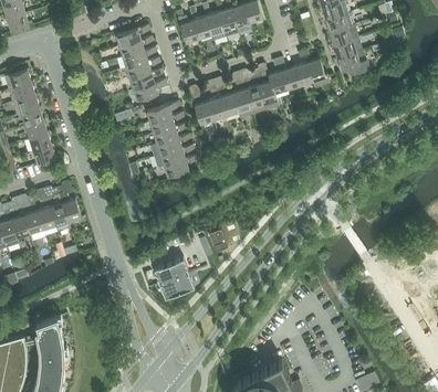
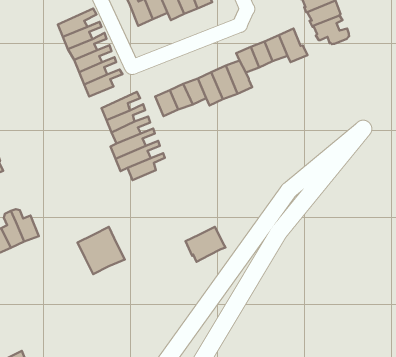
building: [154,257,194,297] -> [77,227,125,274]

